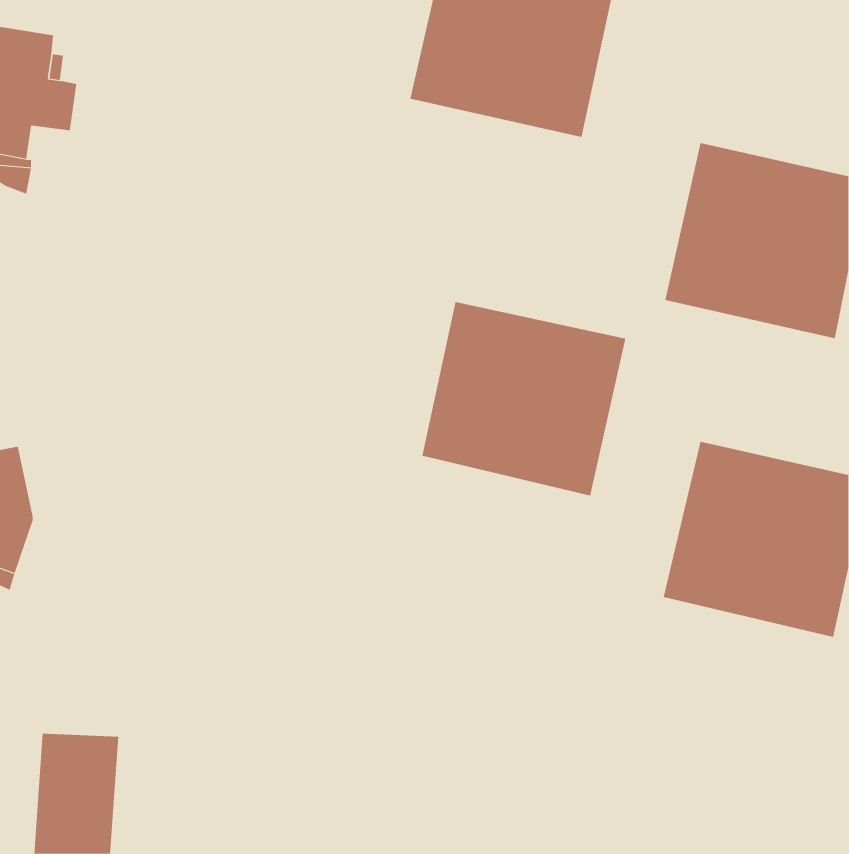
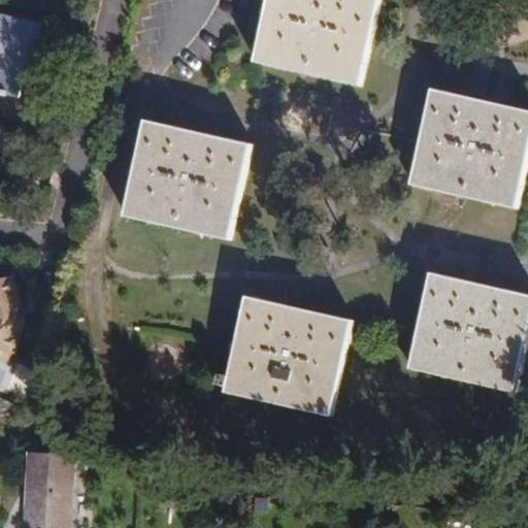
building: none -> [122,120,250,239]
building: [421,302,626,496] -> [224,296,350,416]

